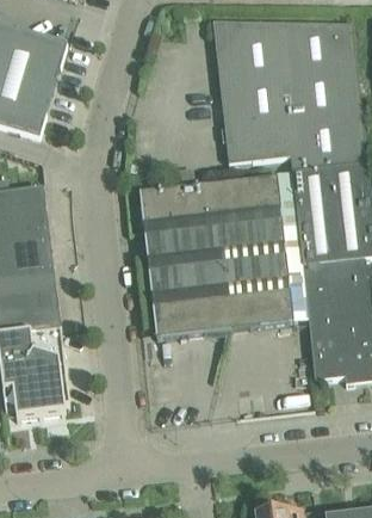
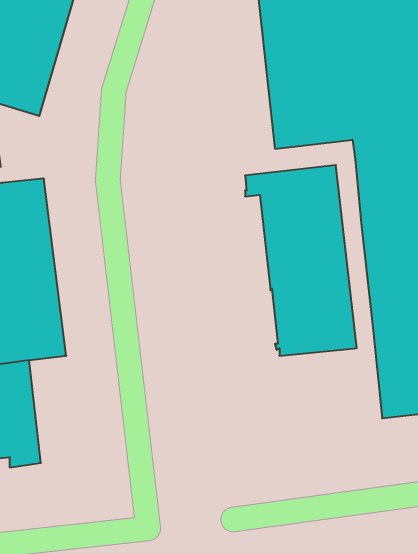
building: [140,181,231,335] -> none
building: [31,326,69,412] -> none

